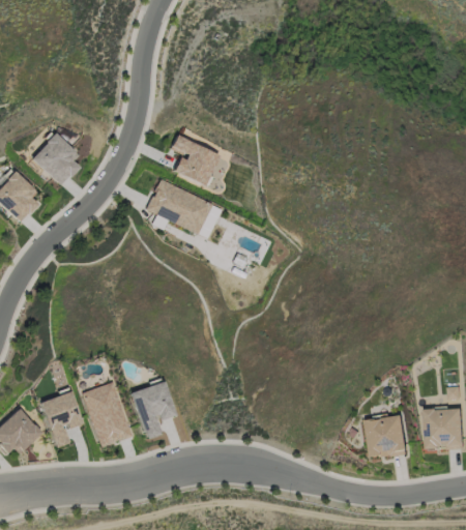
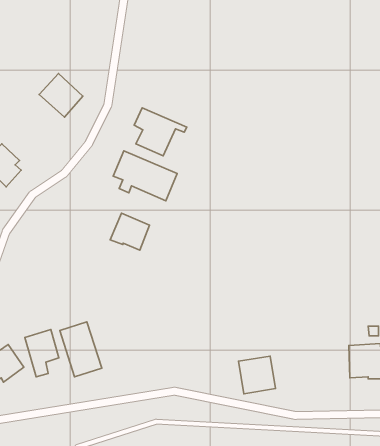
building: [31,134,83,185] -> [39,73,83,117]
building: none -> [110,213,150,250]
building: [132,381,174,438] -> none
building: [365,414,408,459] -> [239,356,275,394]

